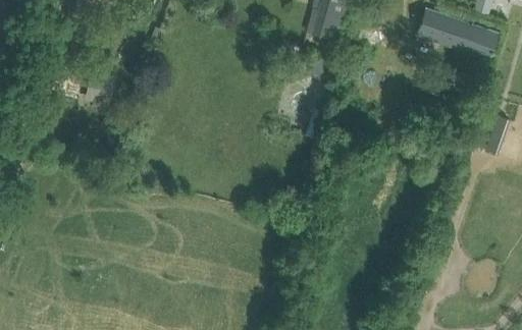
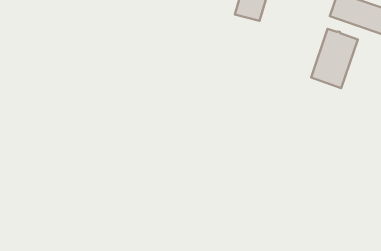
building: none -> [311,29,358,88]

